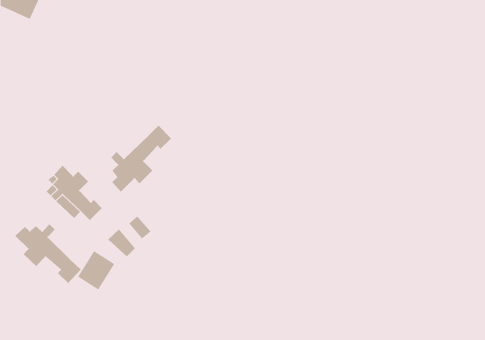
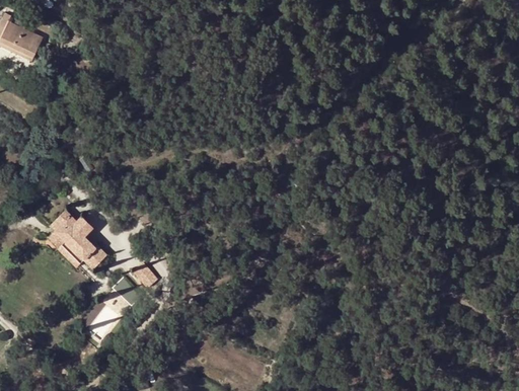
building: [110,125,172,193] -> none
building: [14,224,82,284] -> none

